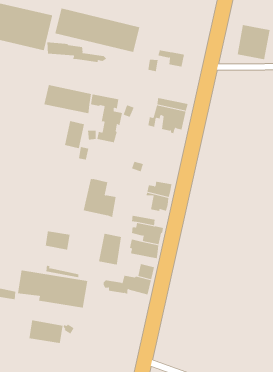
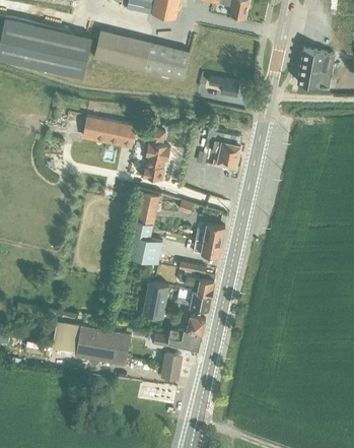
building: [47,41,107,63] -> none
building: [64,121,85,149] -> [137,193,160,225]
building: [45,230,70,251] -> none
building: none -> [155,348,183,378]
building: [29,319,63,344] -> none

